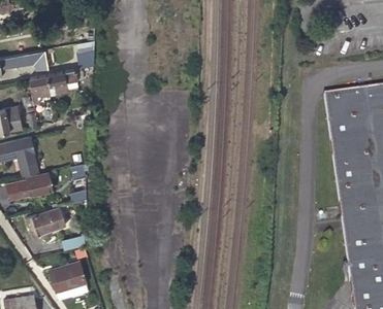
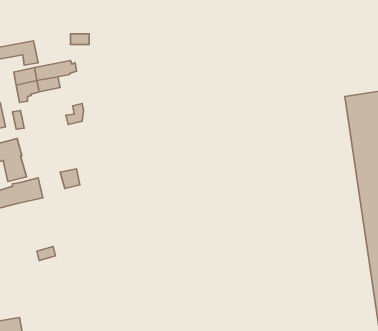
building: [27,209,66,237] -> none
building: [53,261,85,289] -> none

